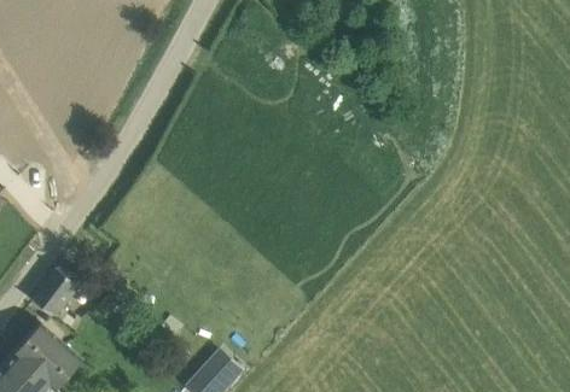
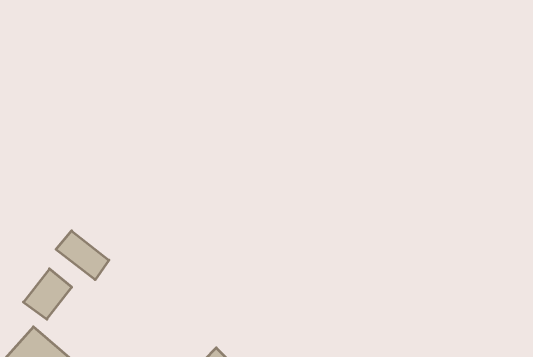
building: none -> [56,231,109,280]

